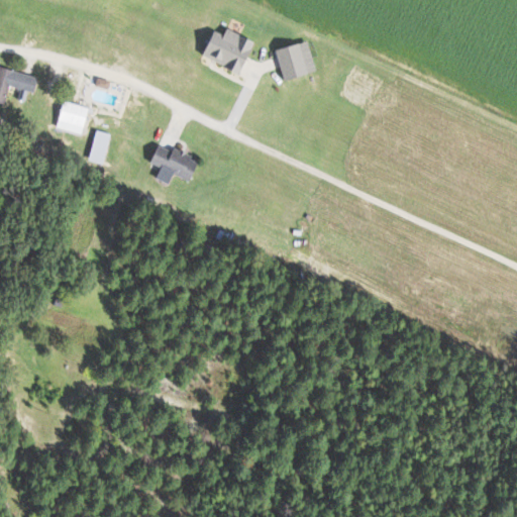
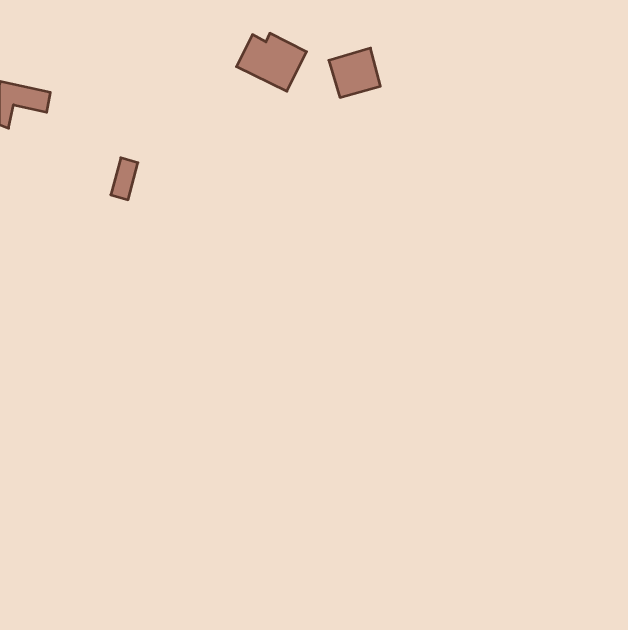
building: [61,101,92,133] -> none
building: [143,142,193,184] -> none

